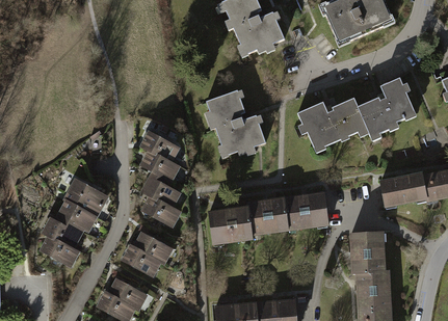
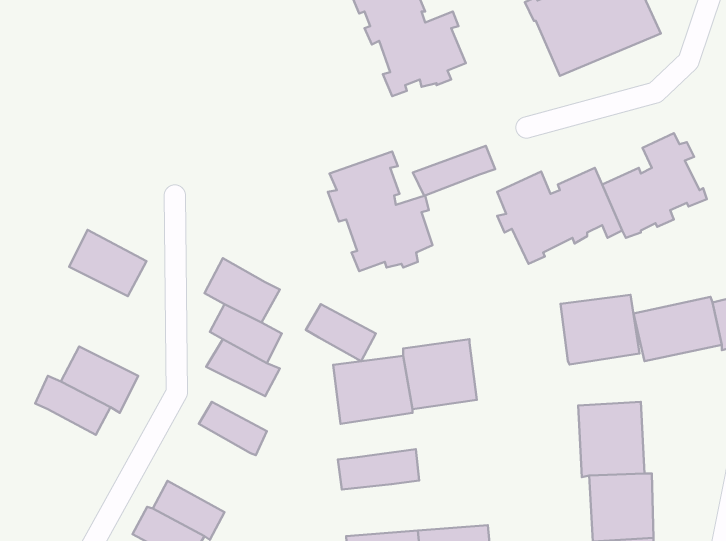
building: none -> [413,146,495,196]
building: [139,131,179,163] -> [306,304,376,361]
building: [65,179,109,216] -> [69,230,146,296]
building: [286,192,331,232] -> [560,295,640,365]
building: [39,235,80,268] -> none
building: [122,242,162,275] -> none
building: none -> [338,449,419,489]

